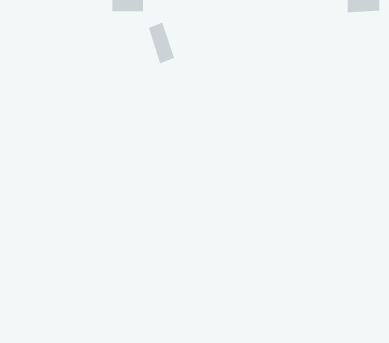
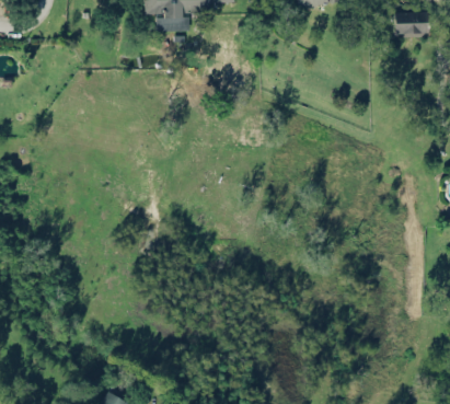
building: [148,22,175,64] -> none

